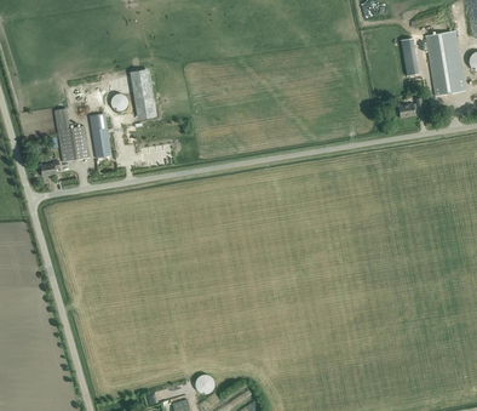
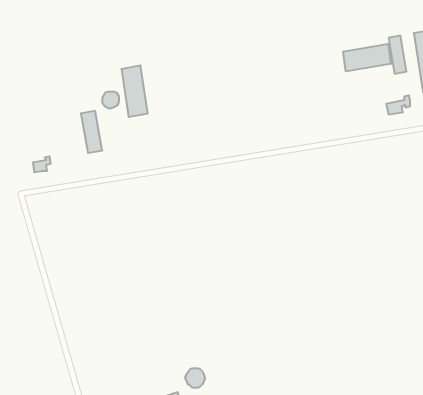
building: none -> [343,44,391,71]
building: [53,108,88,162] -> none

